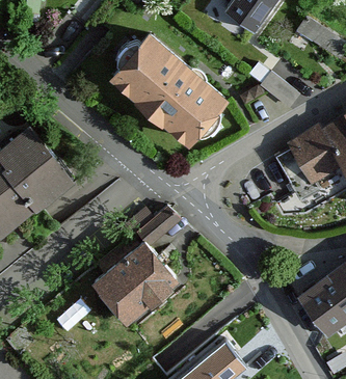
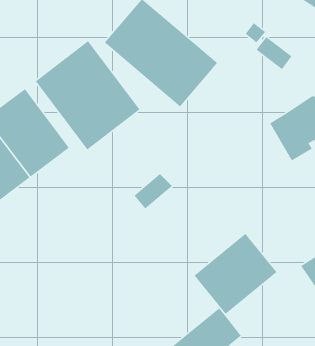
building: none -> [35,40,141,150]
building: [92,240,175,320] -> [194,233,277,315]

